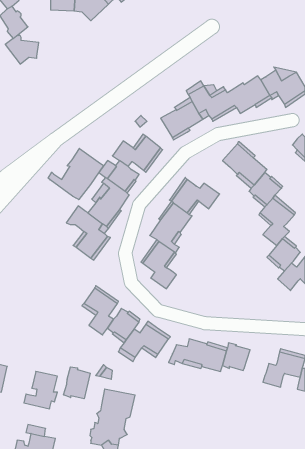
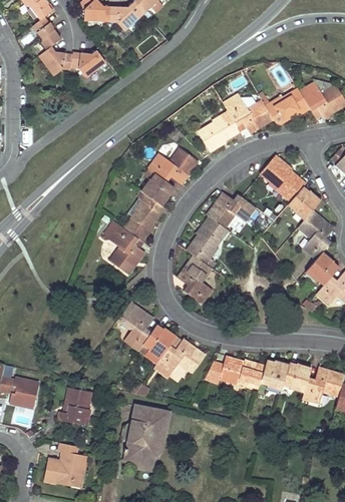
building: none -> [70,50,105,78]
building: [48,148,103,200] -> none
building: none -> [282,361,310,390]
building: [64,367,90,399] -> none

